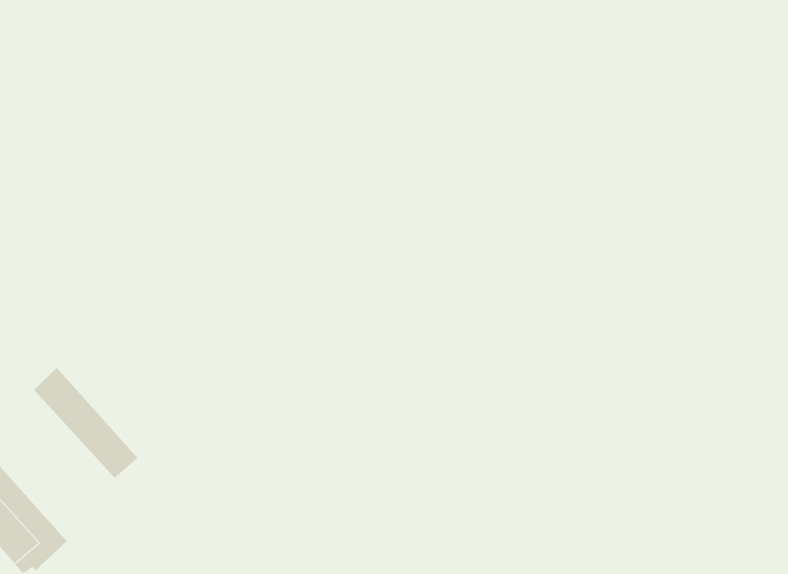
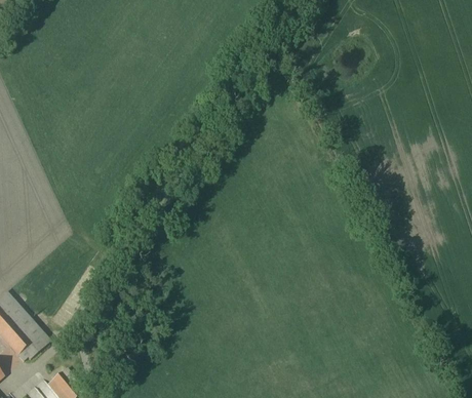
building: [33,367,138,479] -> none

